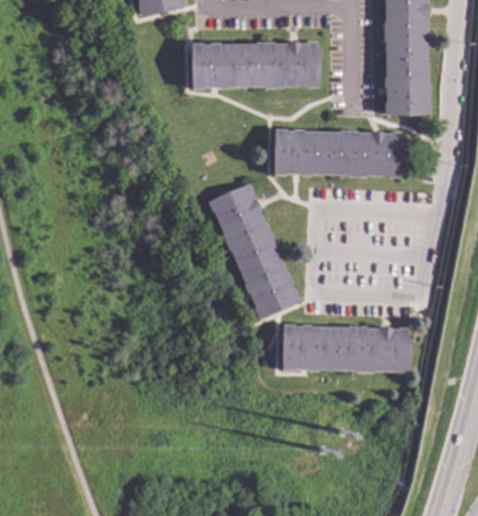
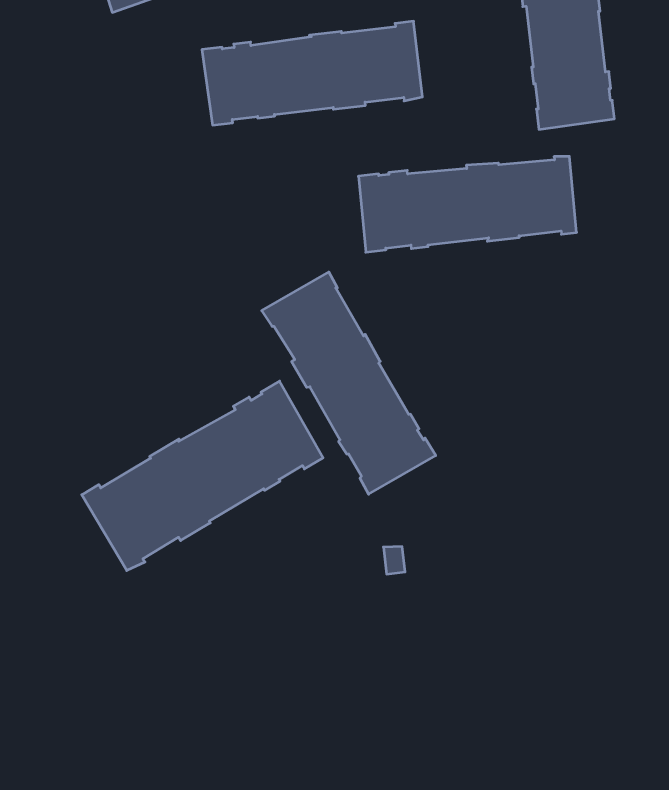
building: none -> [82,381,323,571]
building: [282,325,409,373] -> none

